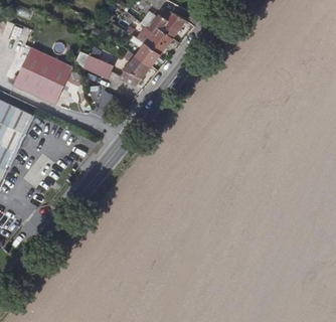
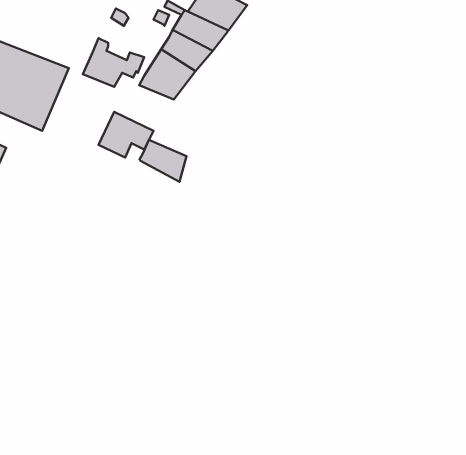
building: none -> [140,140,186,182]

